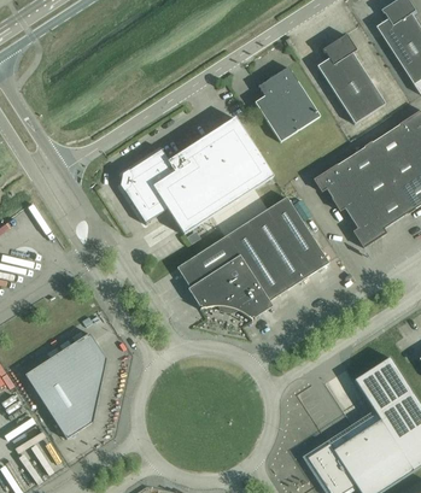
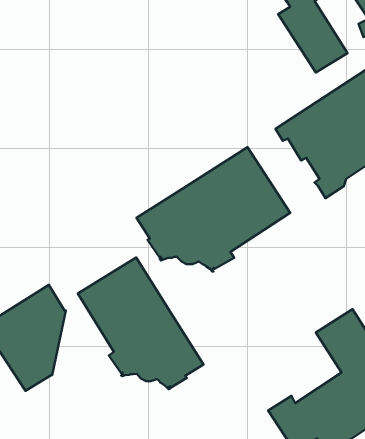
building: [255,66,320,141] -> none
building: [122,117,273,234] -> none
building: none -> [78,258,204,389]

